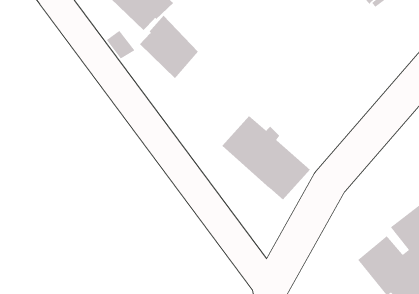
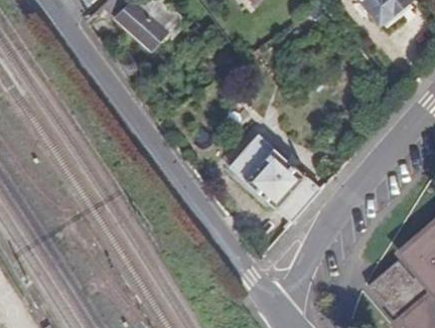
building: [139,15,199,79] -> none

